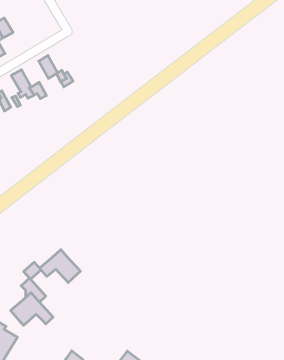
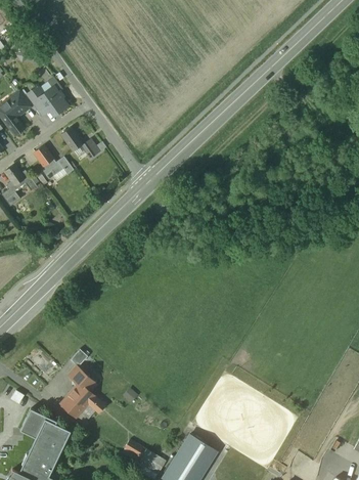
building: none -> [28,87,68,115]
building: [40,250,80,283] -> none

